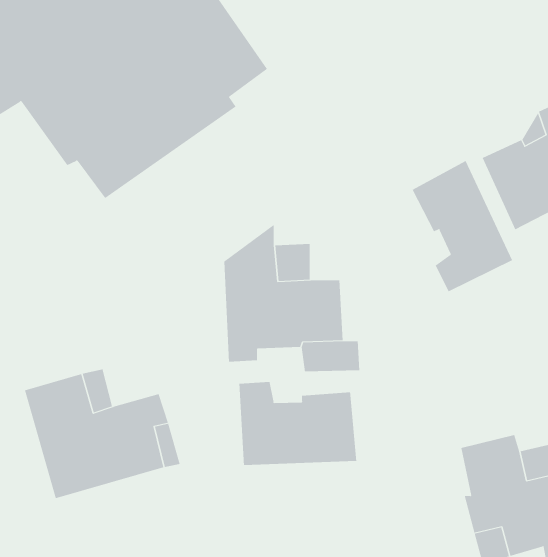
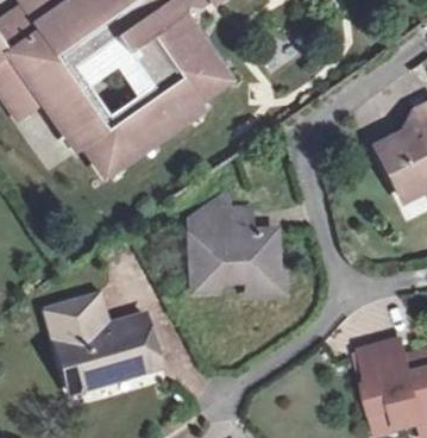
building: [412,160,513,292] -> none
building: [239,381,357,466] -> none

